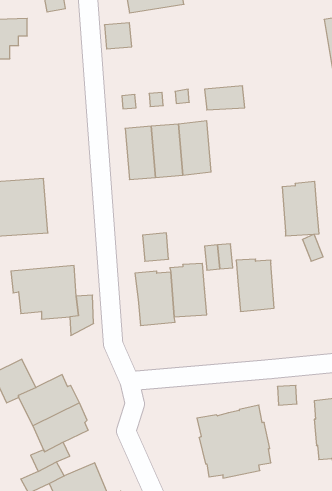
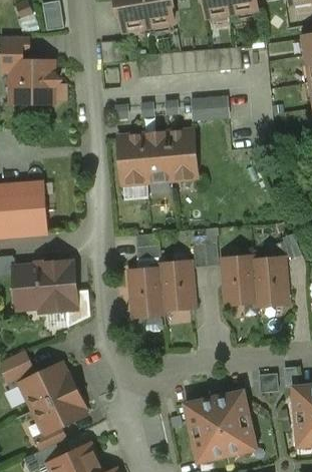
building: none -> [135,46,241,76]
building: none -> [12,60,60,102]
building: [282,181,319,236] -> [253,256,287,306]

